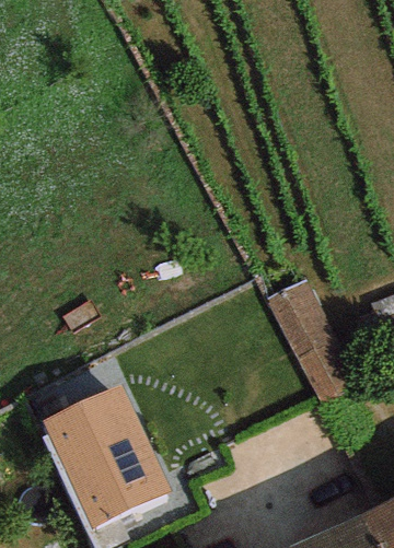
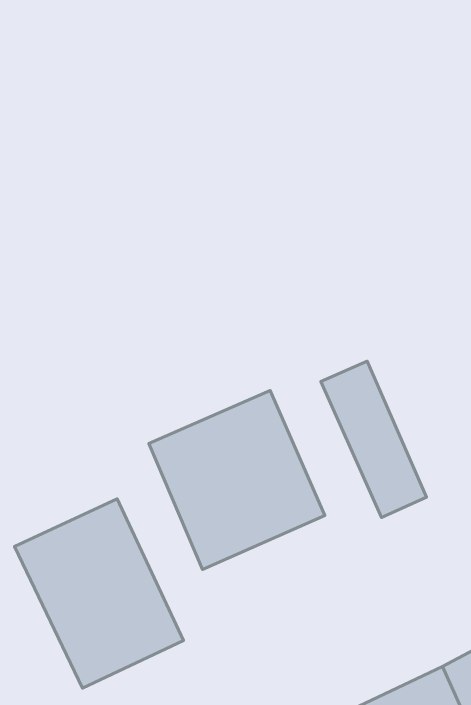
building: none -> [149,390,325,570]

